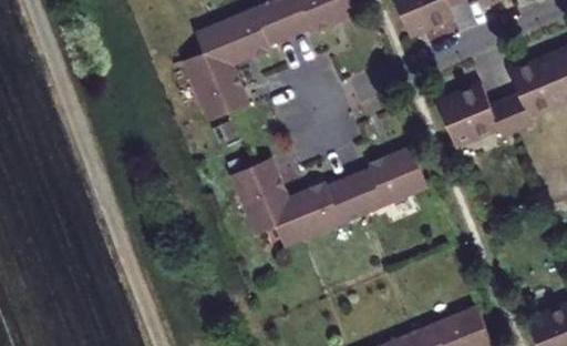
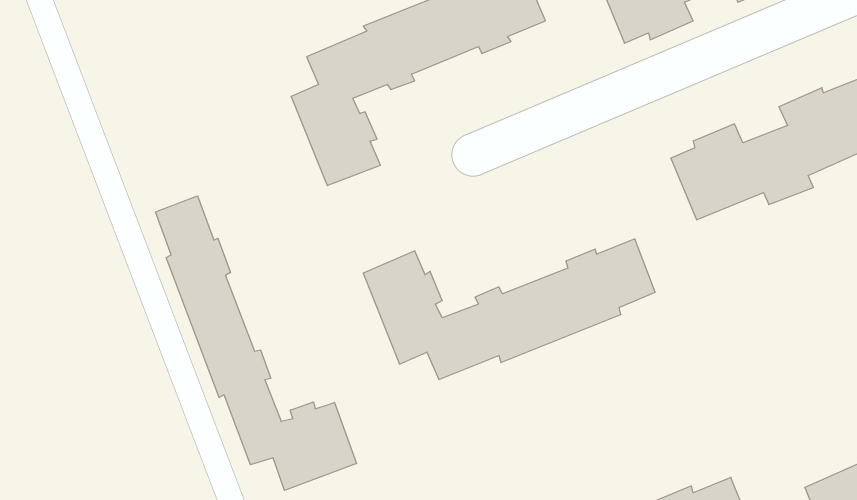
building: none -> [156,196,356,490]

